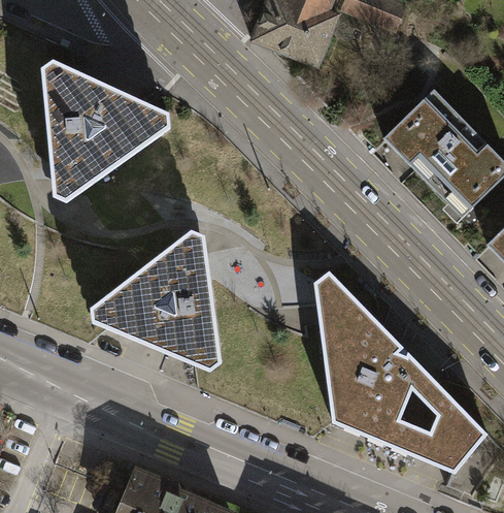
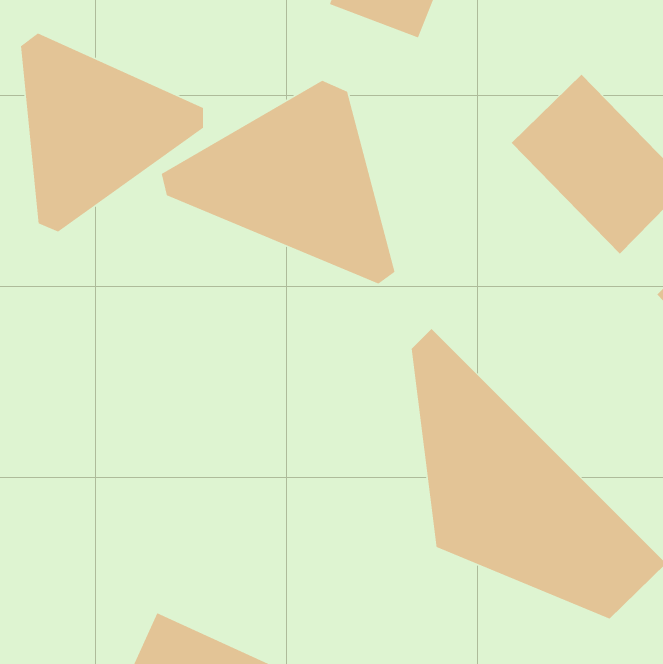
building: none -> [161,80,395,285]
building: [90,230,221,371] -> none

